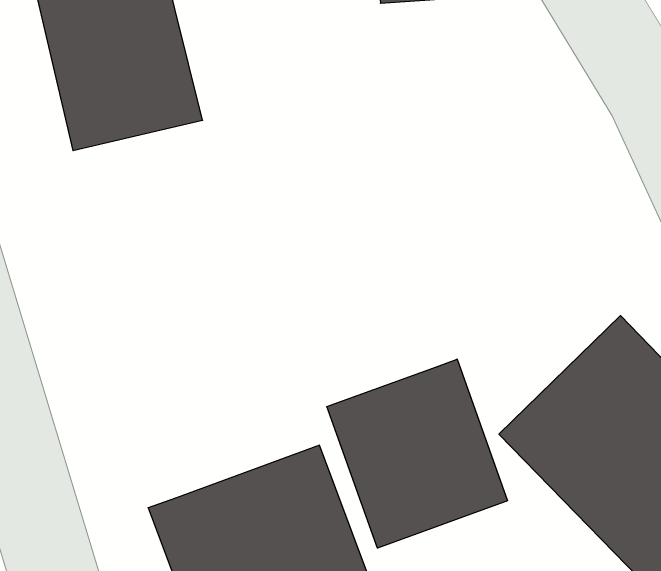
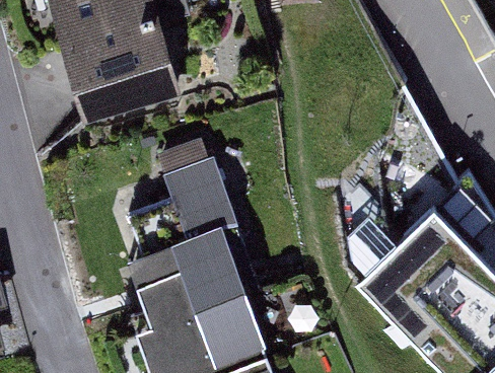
building: none -> [127,157,242,323]
building: [327,359,508,548] -> none

